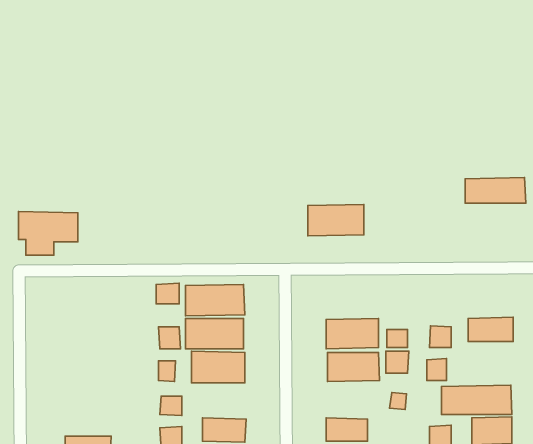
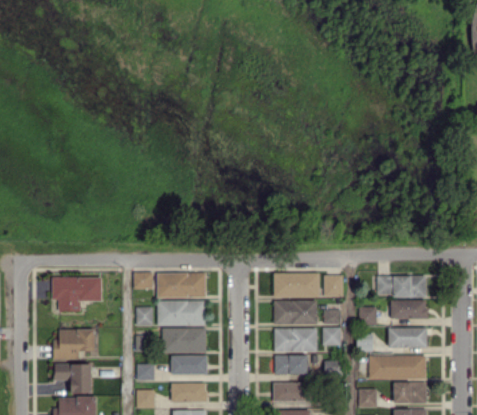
building: [465,178,526,203] -> [377,275,427,296]
building: [308,204,364,236] -> [274,272,320,298]
building: [18,212,78,255] -> [53,276,102,312]
building: none -> [324,274,344,297]
building: none -> [389,327,428,347]
building: none -> [53,329,96,359]
building: none -> [172,355,208,374]
building: none -> [275,355,308,374]
building: none -> [55,364,92,393]

